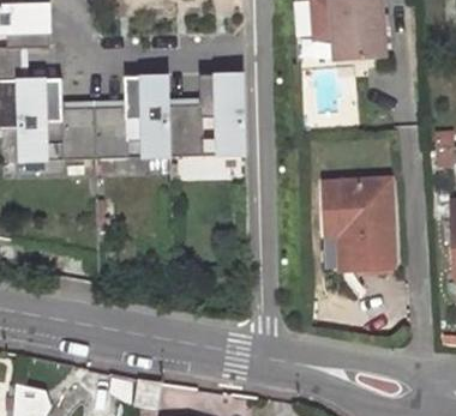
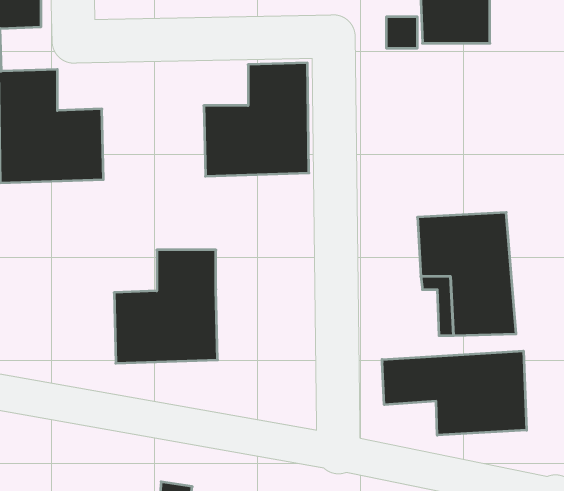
building: [94,74,169,157] -> [114,250,218,363]
building: none -> [382,351,527,435]

